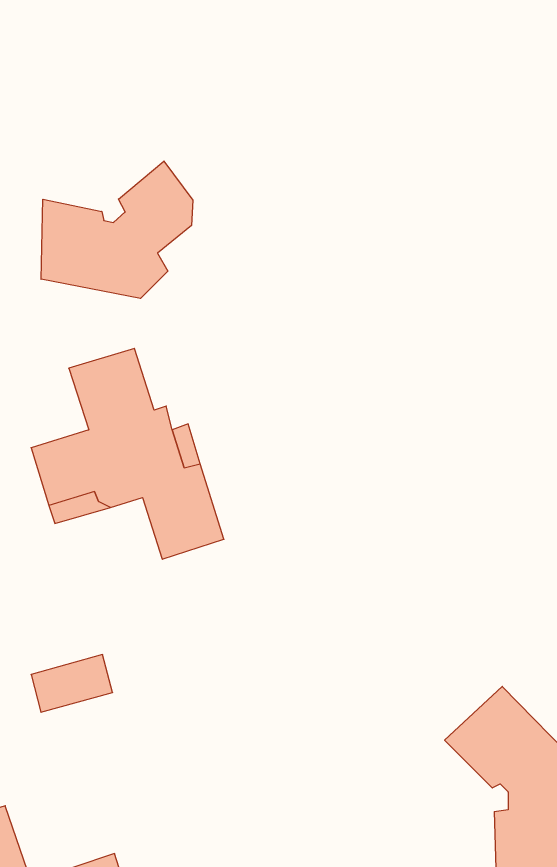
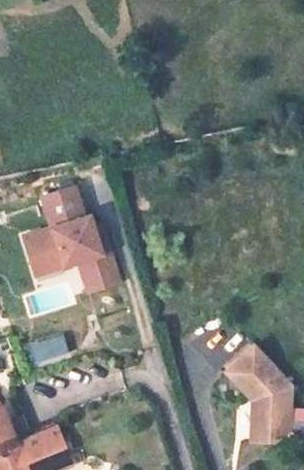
building: [41,161,193,298] -> none

